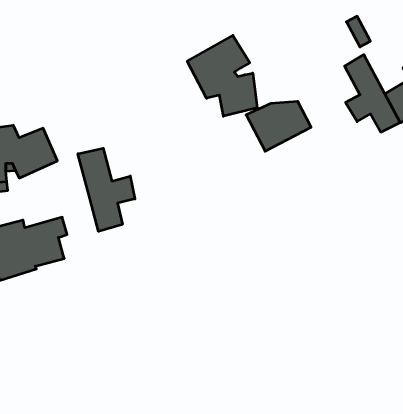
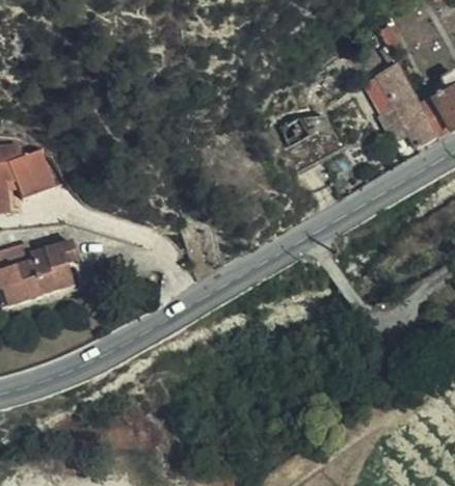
building: [187,35,257,116] -> none
building: [78,148,135,231] -> none

